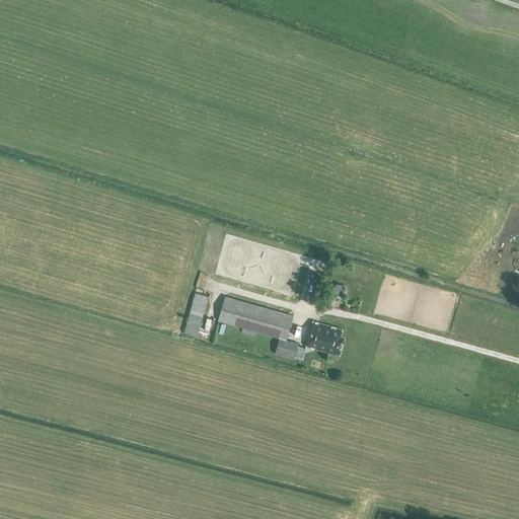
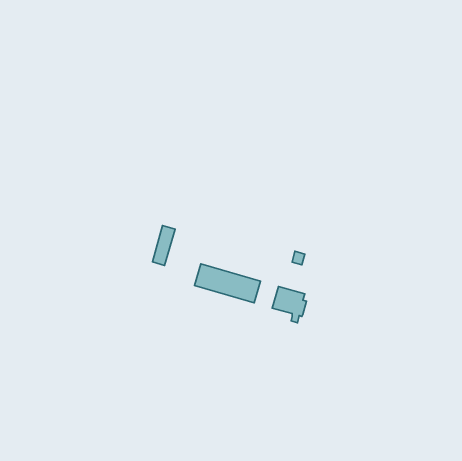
building: [183,293,209,338] -> [153,226,175,265]
building: [275,339,304,361] -> none

